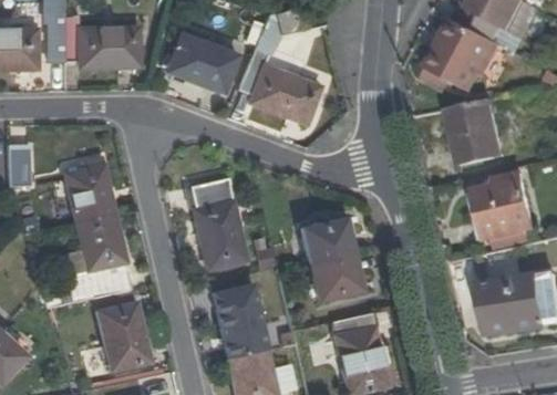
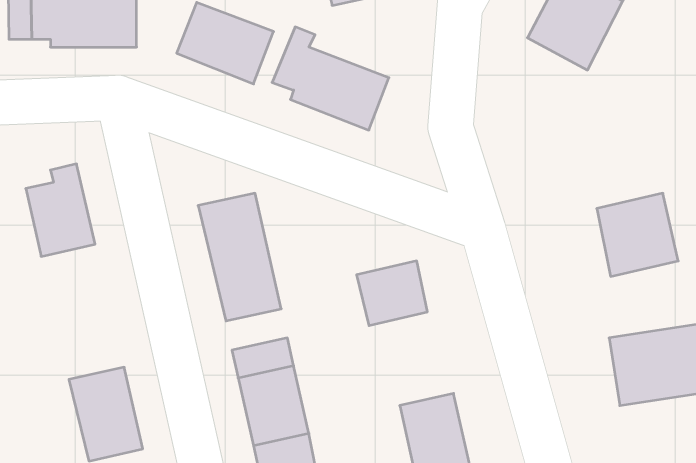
building: [448,94,504,160] -> none
building: [75,212,130,297] -> none
building: [311,261,361,306] -> none

